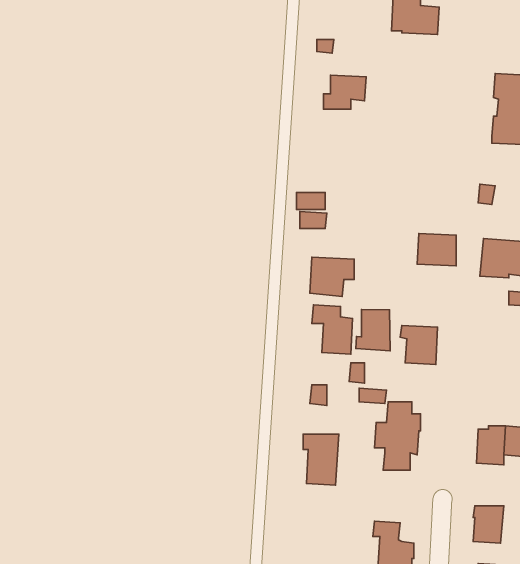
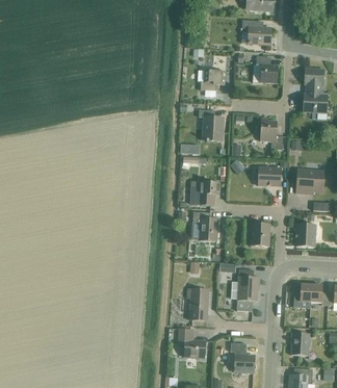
building: none -> [252,57,278,83]
building: none -> [198,110,223,141]
building: none -> [260,119,283,150]
building: [356,309,390,351] -> none
building: none -> [296,224,315,247]
building: none -> [178,329,206,358]

